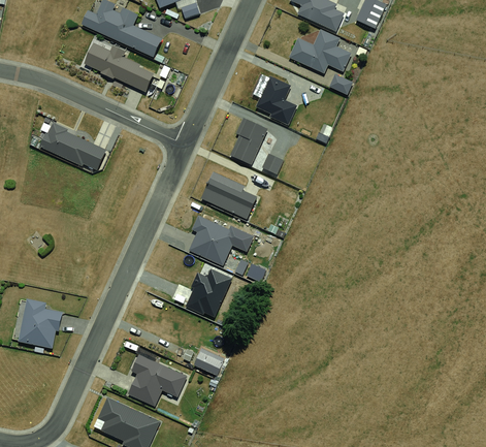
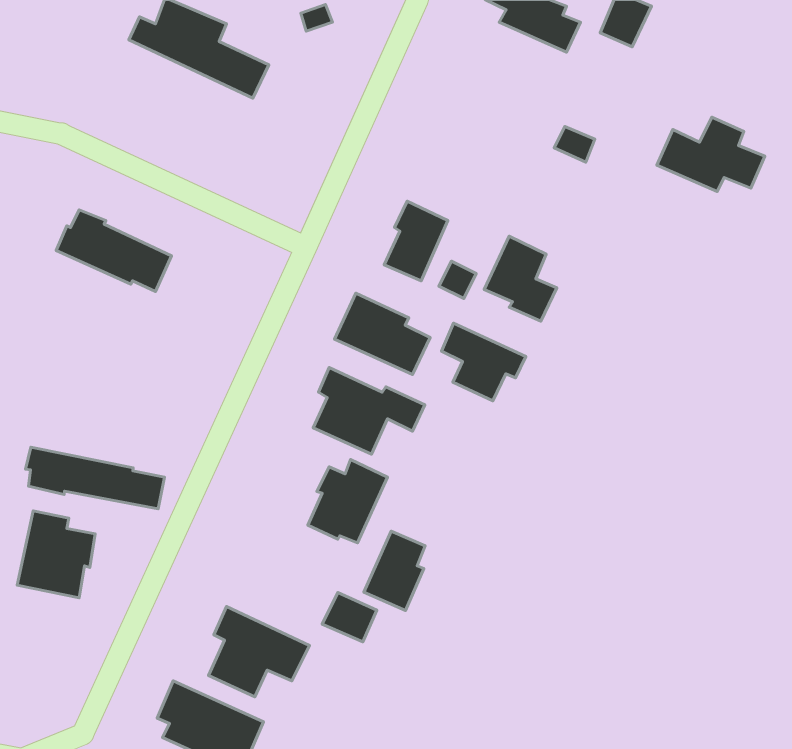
building: [289,30,352,73] -> [657,117,765,192]
building: [84,42,155,92] -> none
building: [255,75,297,125] -> [484,236,557,321]
building: none -> [442,323,526,401]
building: none -> [26,447,165,509]
building: none -> [364,531,425,611]

